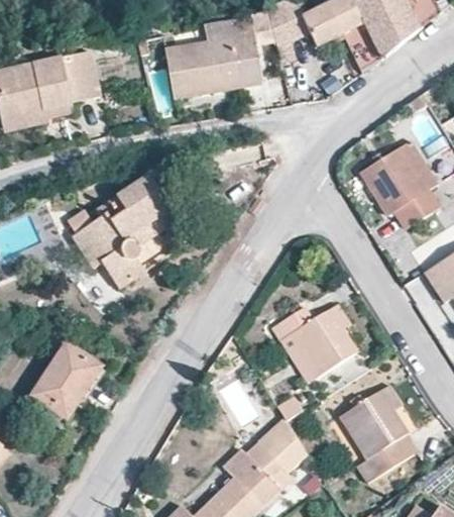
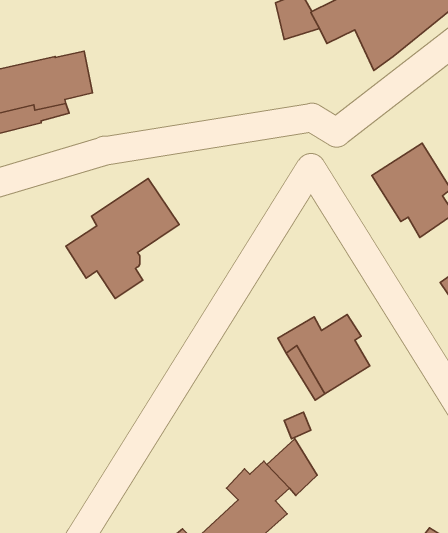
building: [164,16,263,98] -> none
building: [31,342,100,417] -> none
building: [338,384,419,482] -> none

